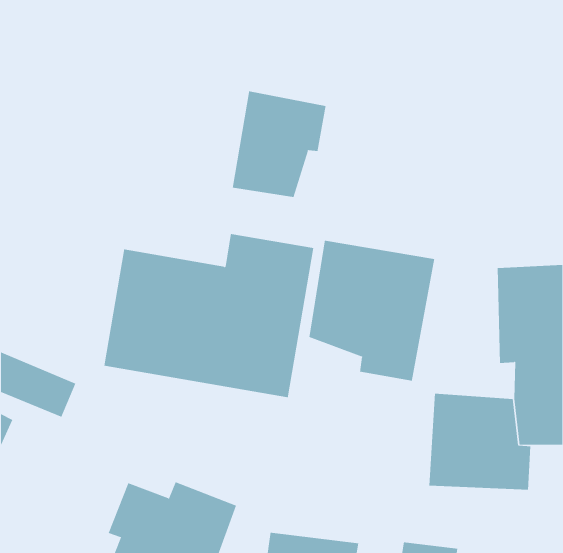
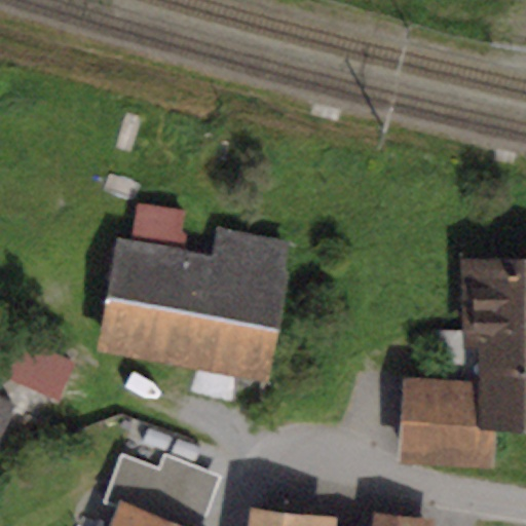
building: [232,91,326,198] -> none
building: [309,240,435,381] -> none

